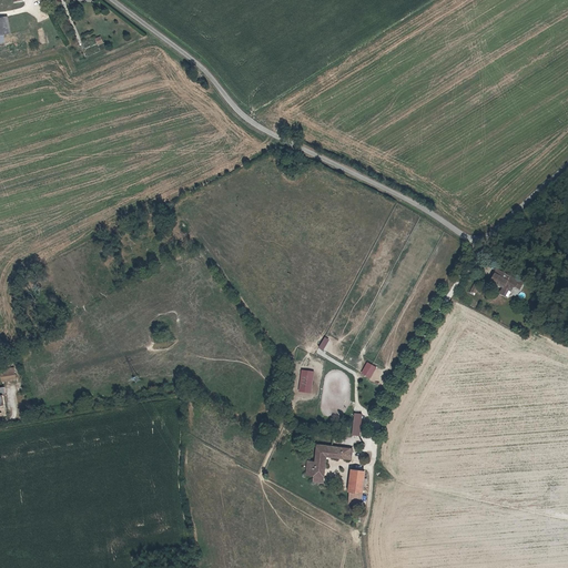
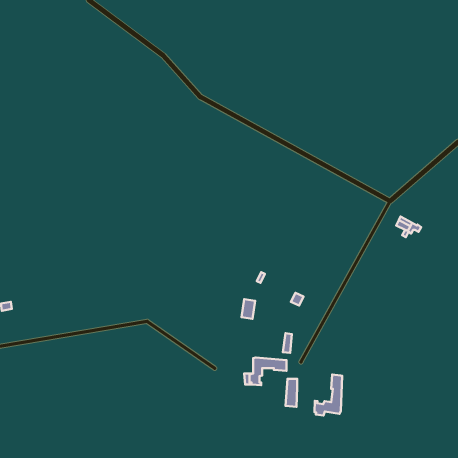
building: none -> [315,374,342,416]

